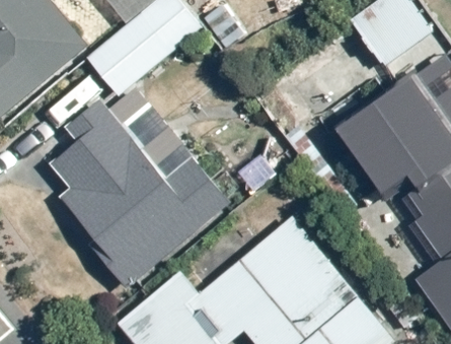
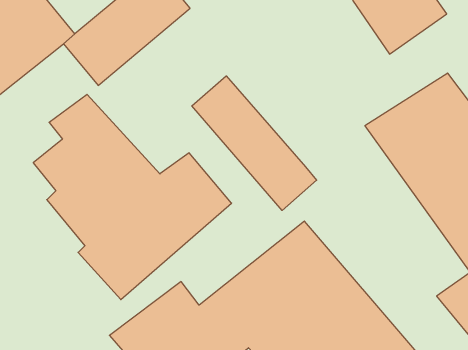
building: none -> [192,76,317,210]

